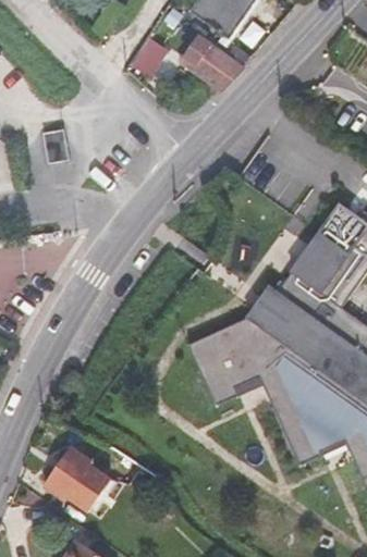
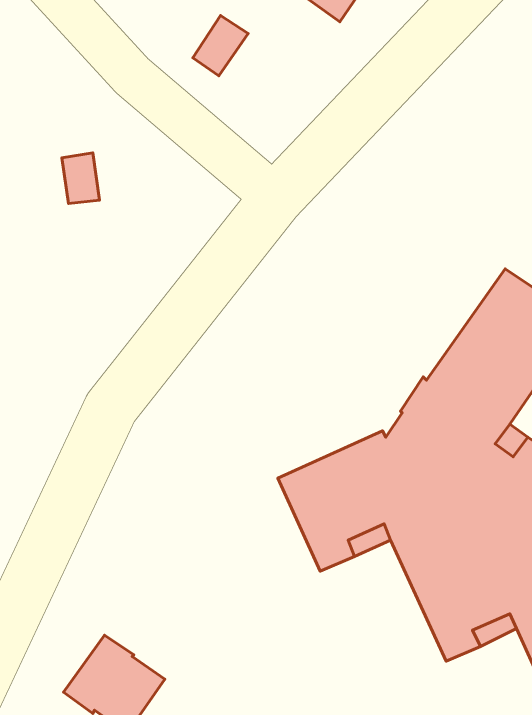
building: [191,41,242,89] -> none

